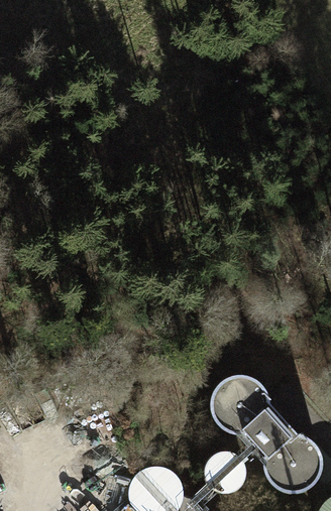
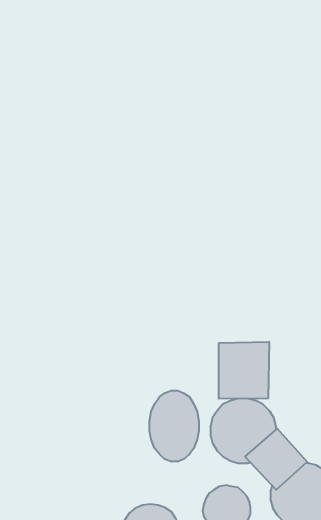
building: none -> [219,342,269,399]
building: none -> [149,391,199,462]

